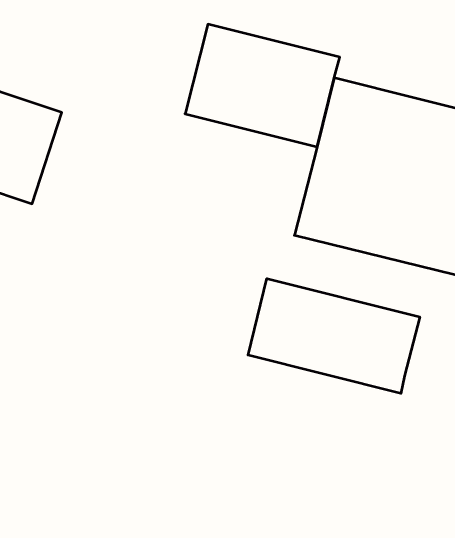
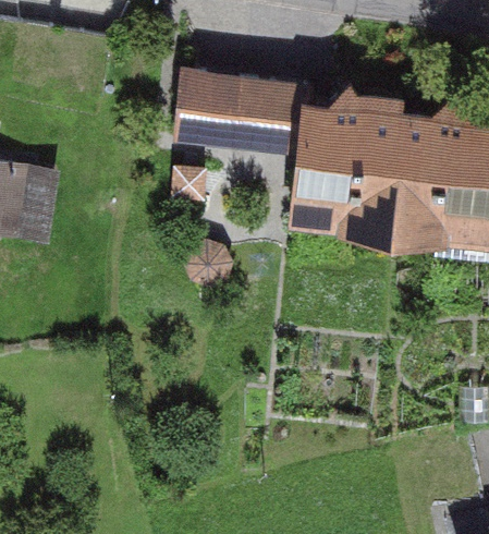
building: [248,279,420,393] -> none

